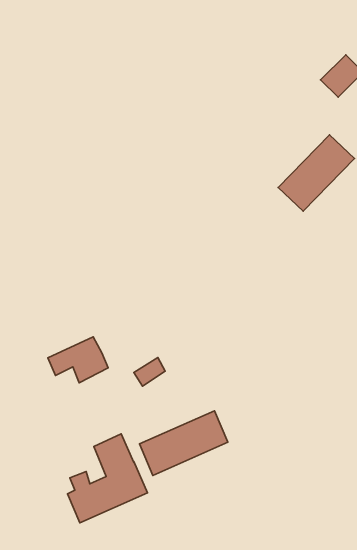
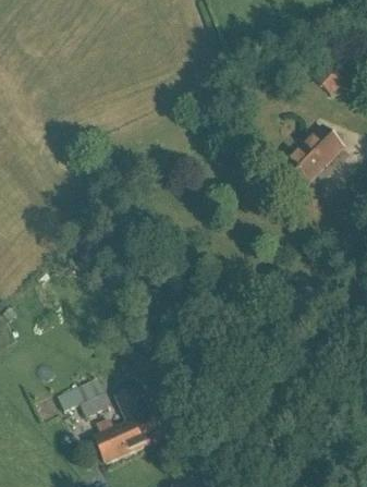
building: [48,337,108,383] -> [58,378,110,418]
building: [139,411,228,475] -> none

